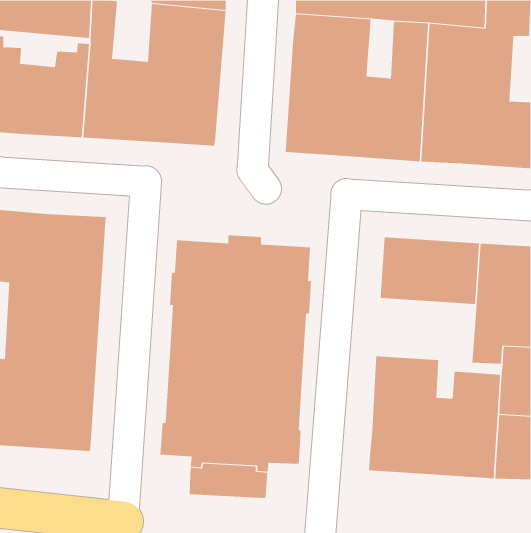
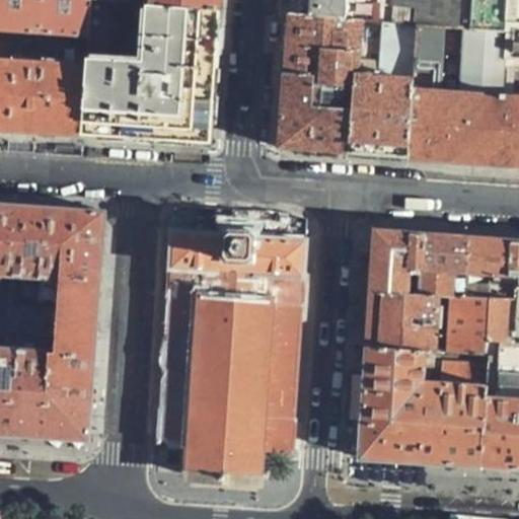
building: none -> [365,290,462,353]

